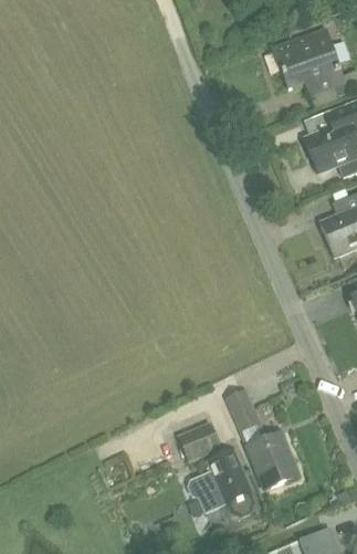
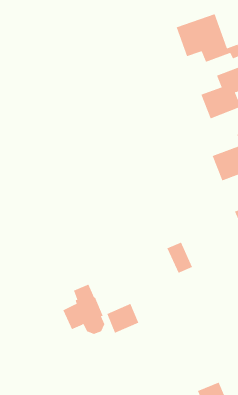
building: [225,388,261,431] -> [167,242,193,274]
building: [245,431,300,489] -> none
building: [197,448,254,516] -> [63,284,105,335]

